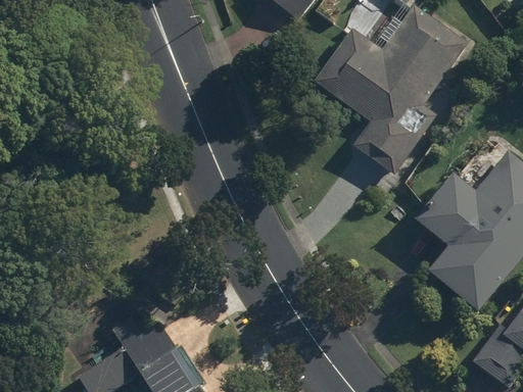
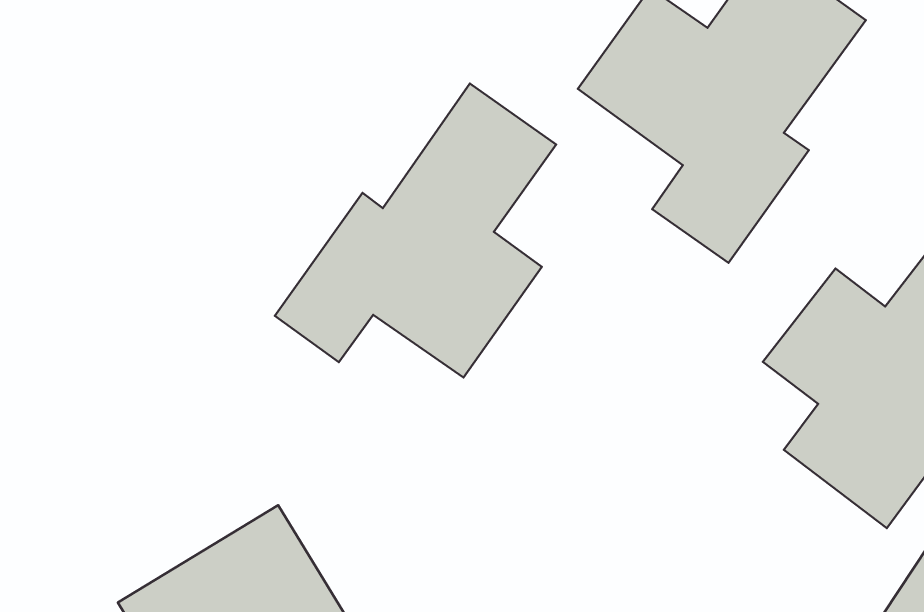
building: none -> [275,84,556,378]

